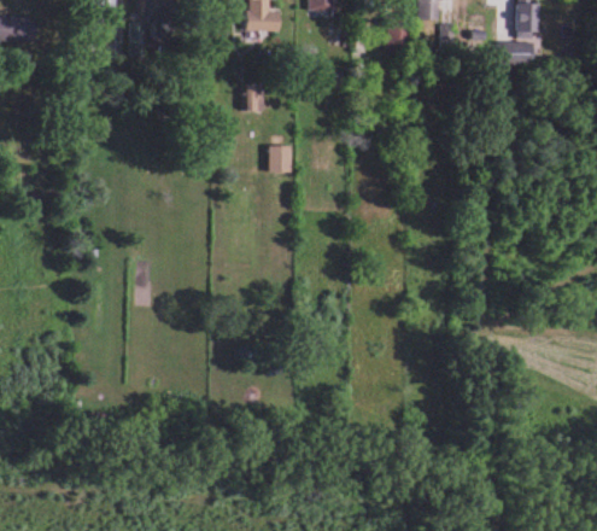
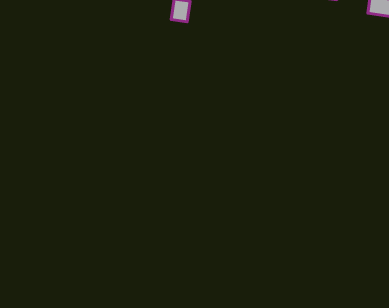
building: [268,145,291,173] -> none

